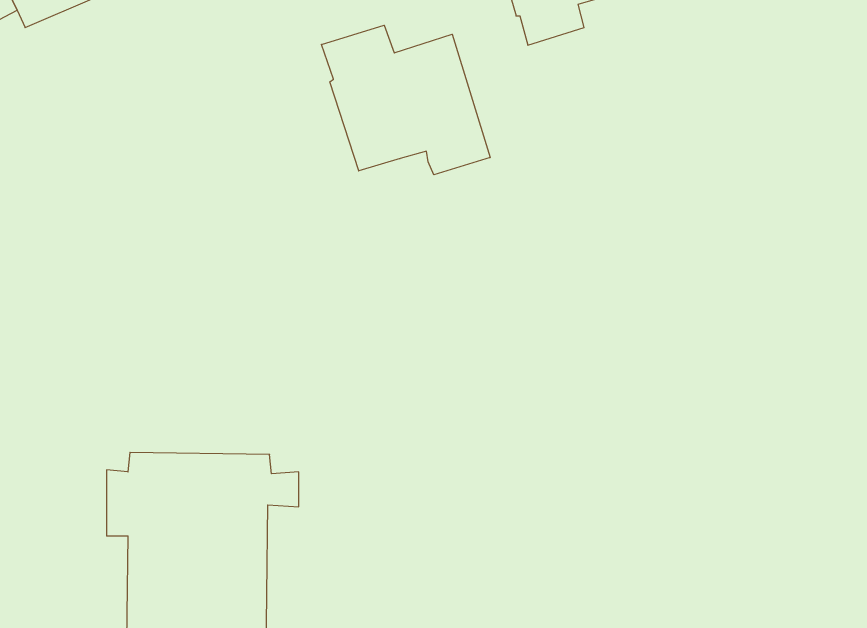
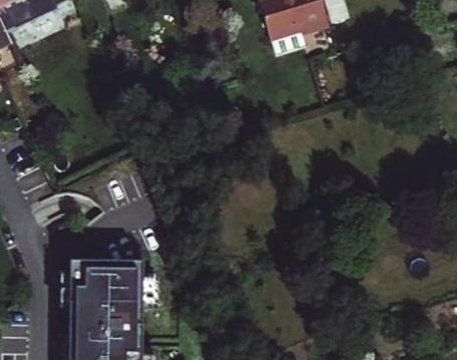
building: [321,25,490,175] -> none

